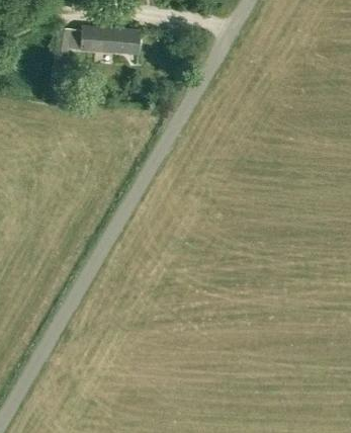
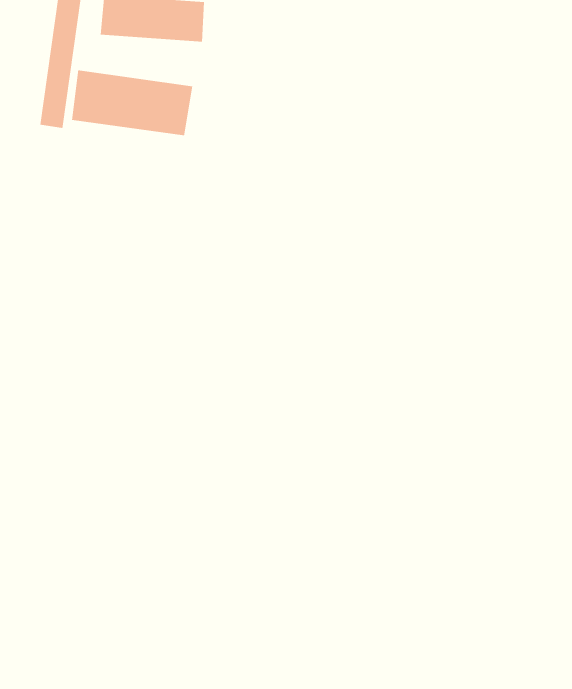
building: none -> [72,70,193,136]

